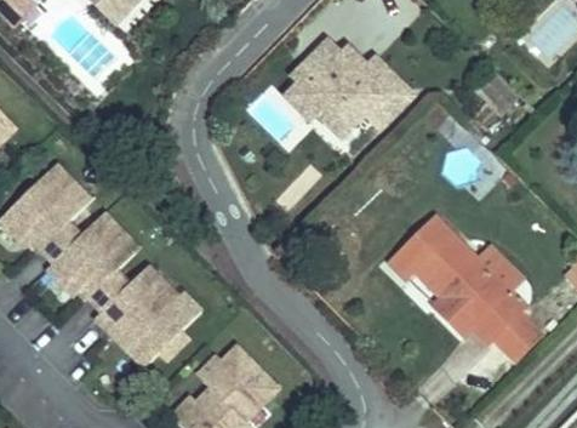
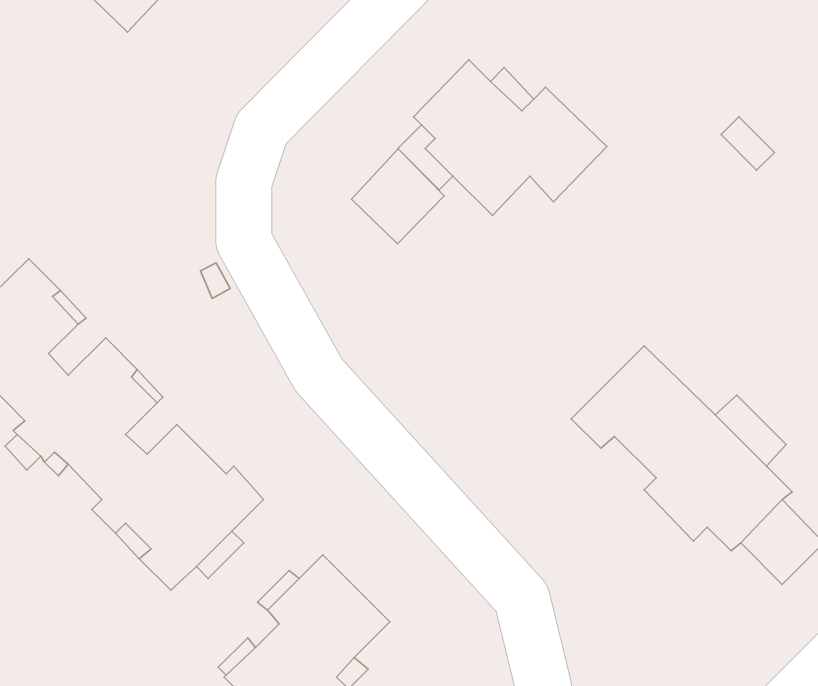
building: none -> [351,149,444,244]

